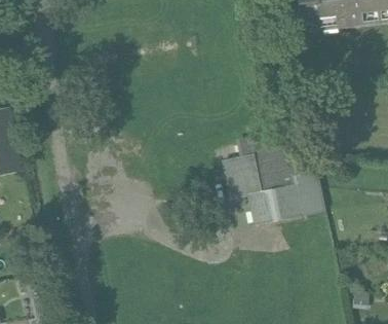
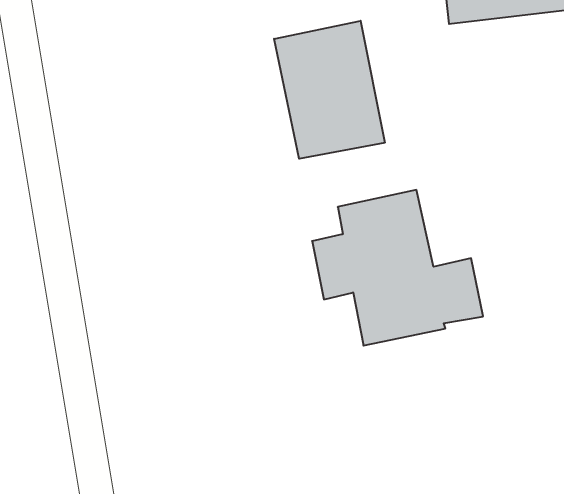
building: none -> [274,21,385,159]

